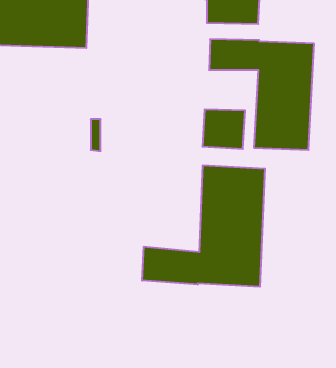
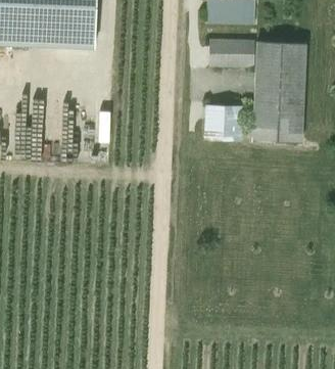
building: [142,165,265,287] -> none

